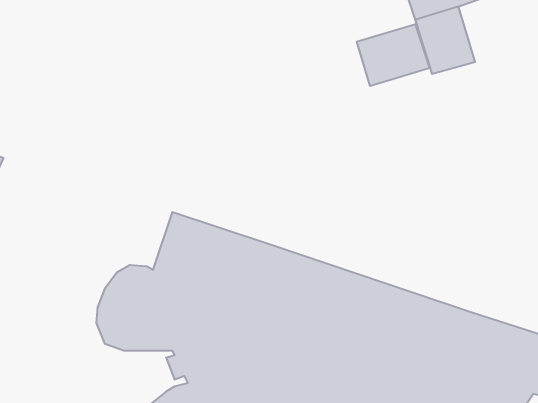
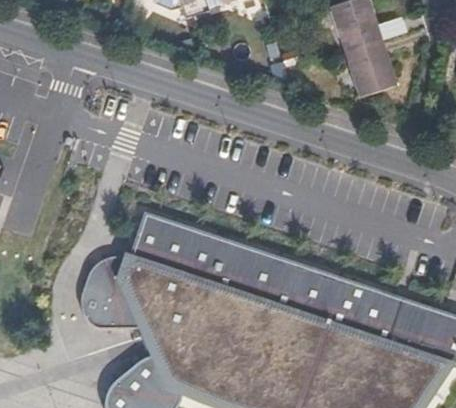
building: [357,24,430,86] -> none

